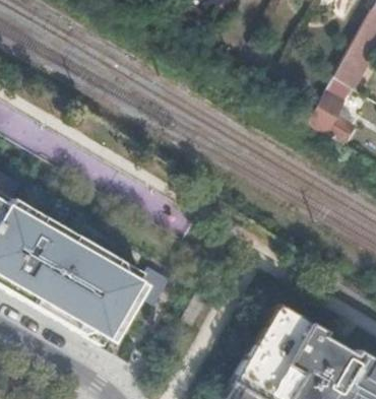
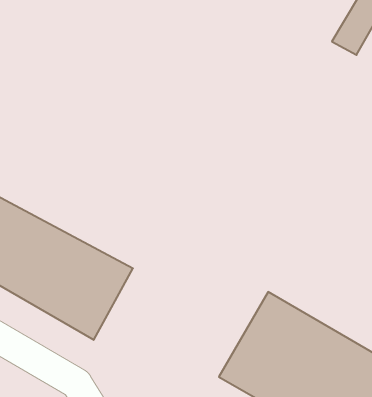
building: [309,87,358,139] -> none

